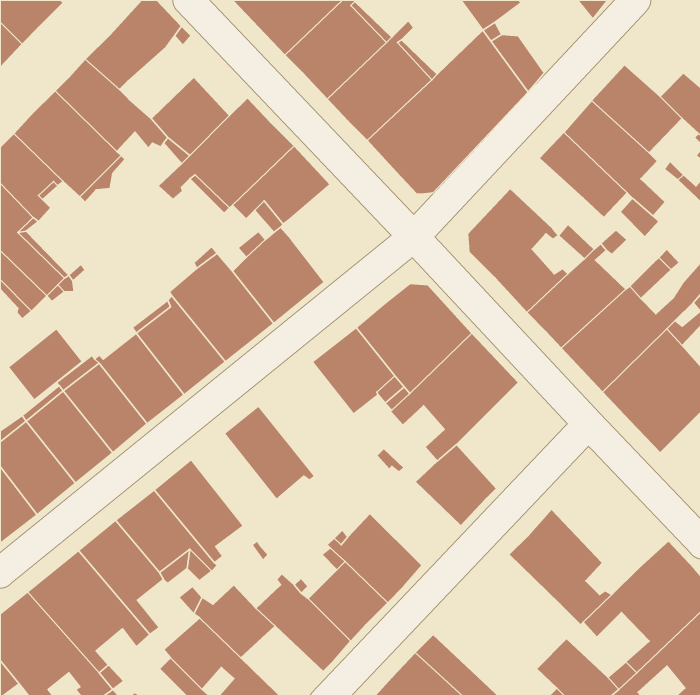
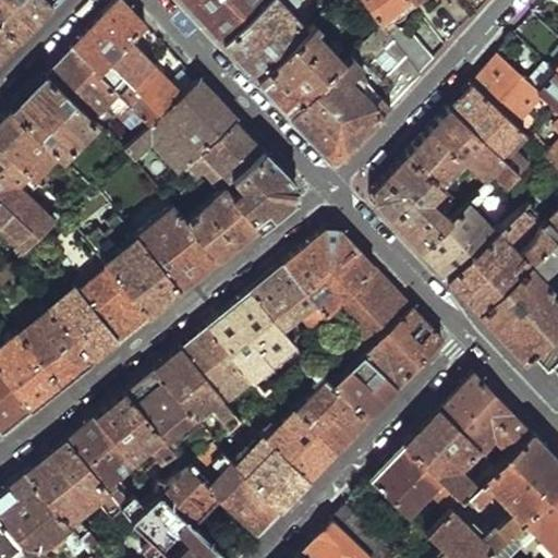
building: none -> [104,44,156,100]
building: none -> [407,132,464,187]
building: none -> [232,153,295,230]
building: [8,328,83,400] -> none
building: none -> [207,293,293,401]
building: none -> [364,310,444,393]
building: none -> [154,350,239,432]
building: none -> [439,375,532,457]
building: none -> [295,380,367,454]
building: none -> [372,446,446,520]

